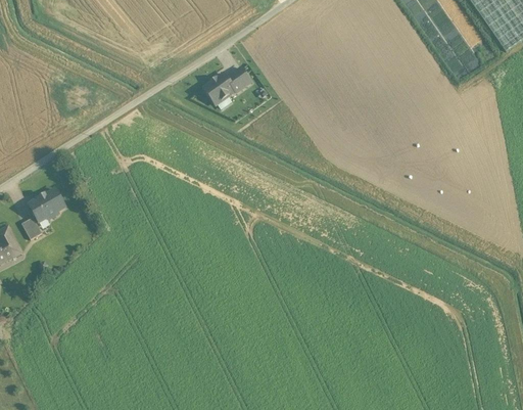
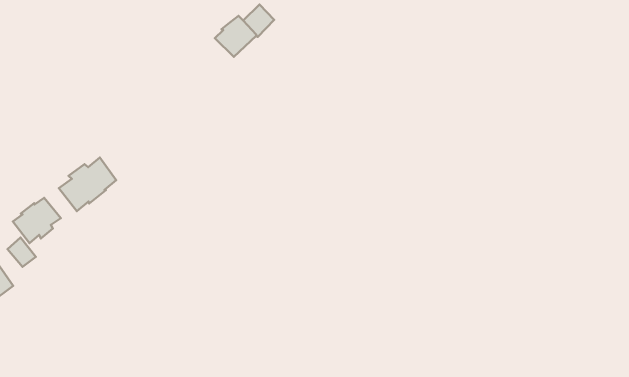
building: none -> [59,157,116,211]

